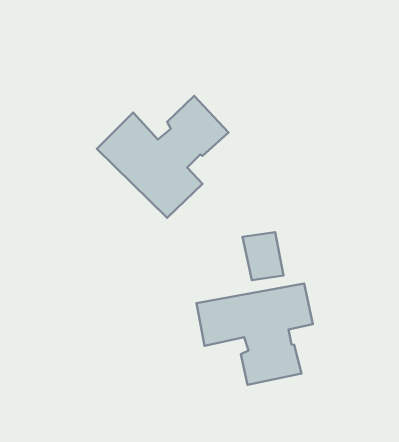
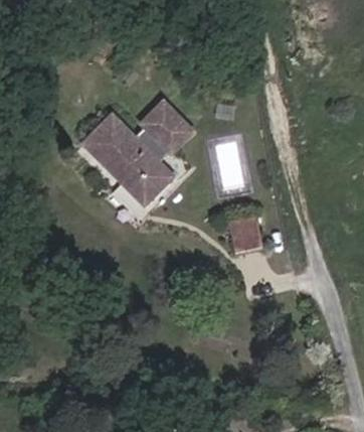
building: [197,284,313,385] -> none

